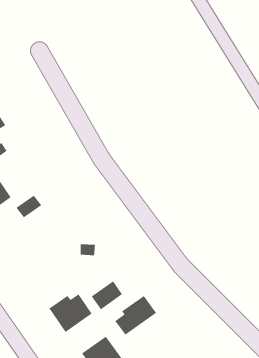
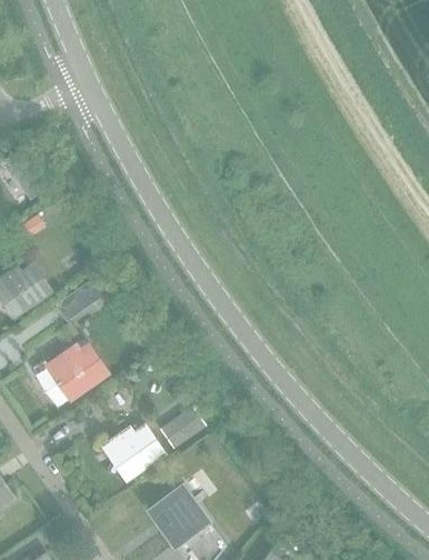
building: none -> [44,346,107,399]
building: [114,295,157,336] -> none

